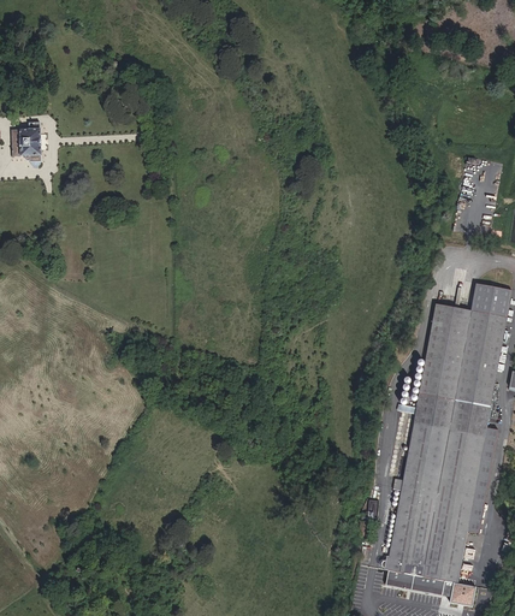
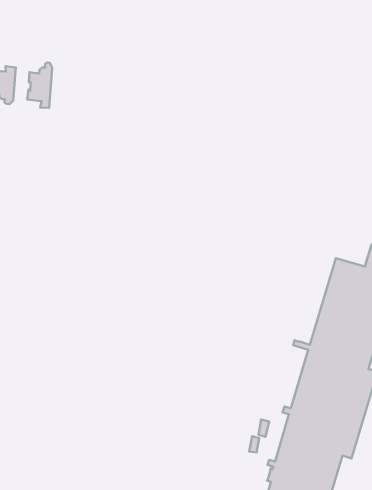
building: none -> [27,63,52,108]

